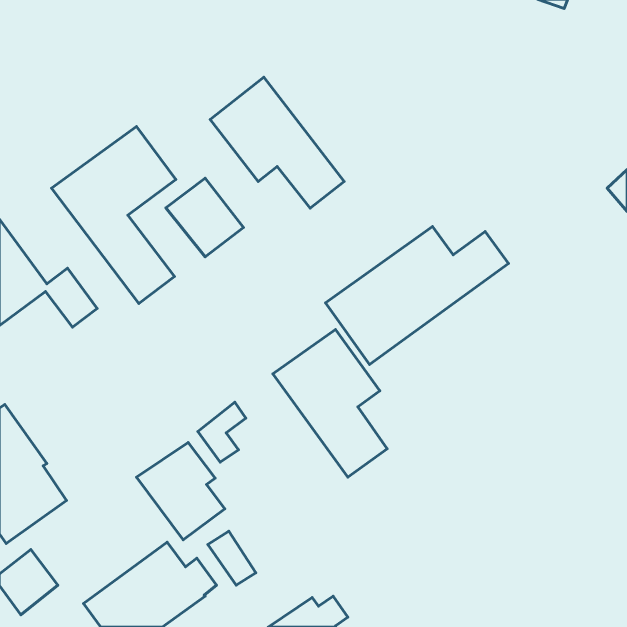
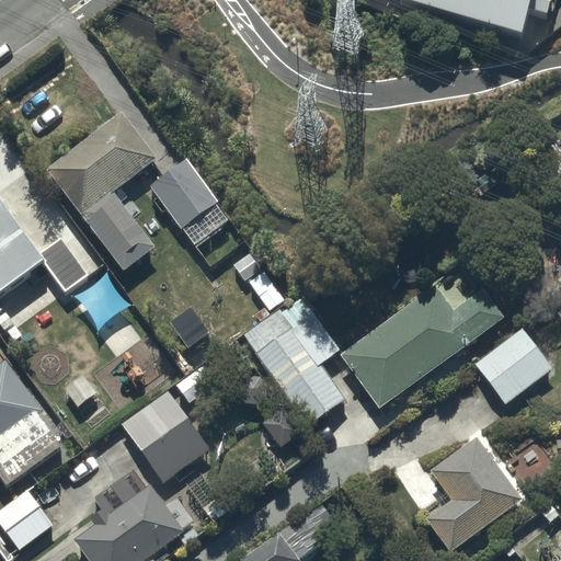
building: [210,77,344,208] -> none
building: [325,227,509,364] -> [341,285,504,408]
building: none -> [476,328,552,404]
building: none -> [426,435,523,550]

